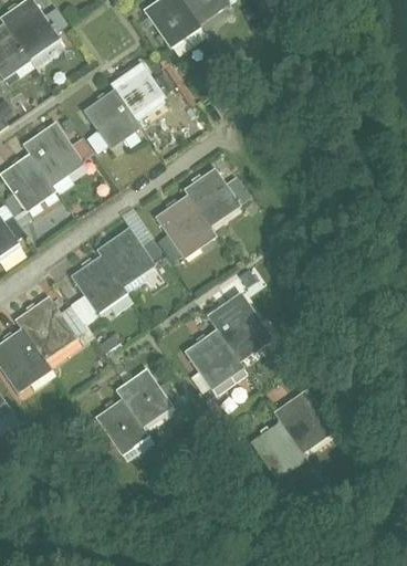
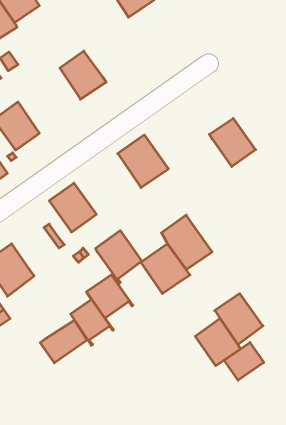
building: [109,63,167,123] -> none
building: [24,123,85,185] -> none
building: [185,168,242,228] -> [209,118,256,167]
building: [98,227,156,292] -> [96,231,142,283]
building: [17,296,79,360] -> none
building: none -> [40,320,87,363]
building: none -> [224,342,264,380]

